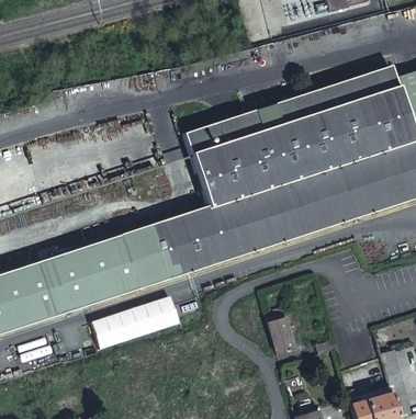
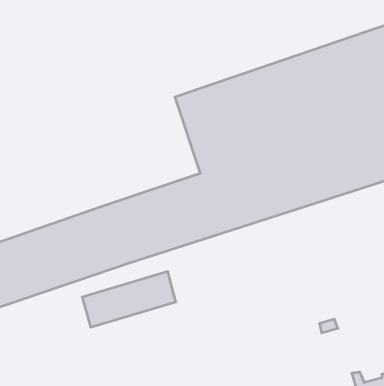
building: [268,306,296,353] -> none

